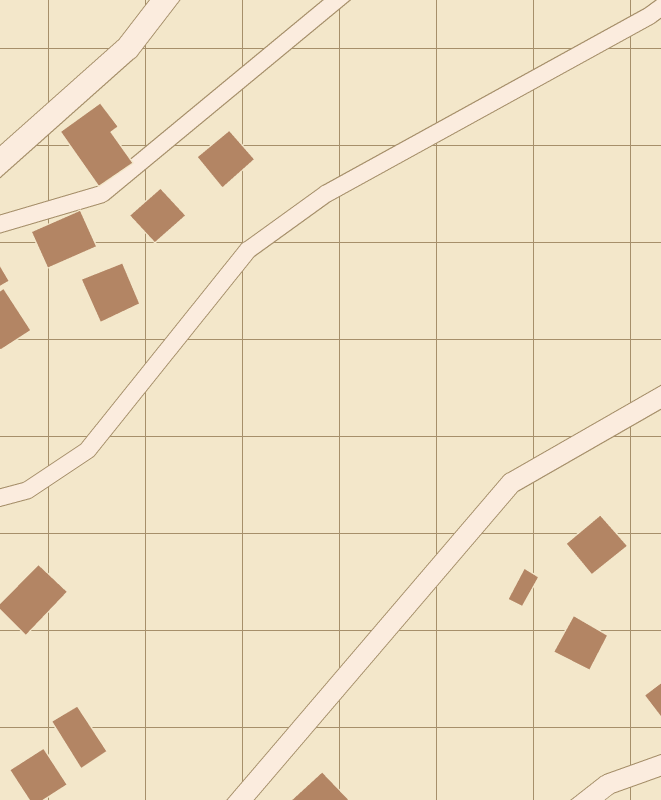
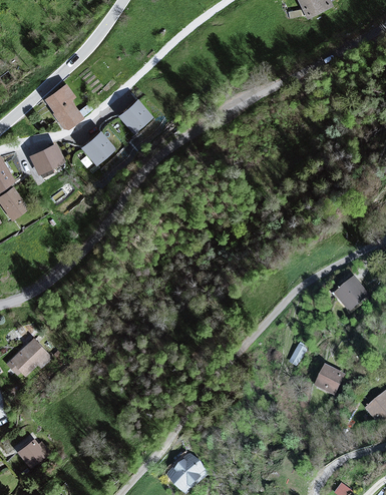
building: [81,263,140,323] -> none
building: [566,515,628,575] -> [335,277,369,310]
building: [51,706,107,769] -> none

